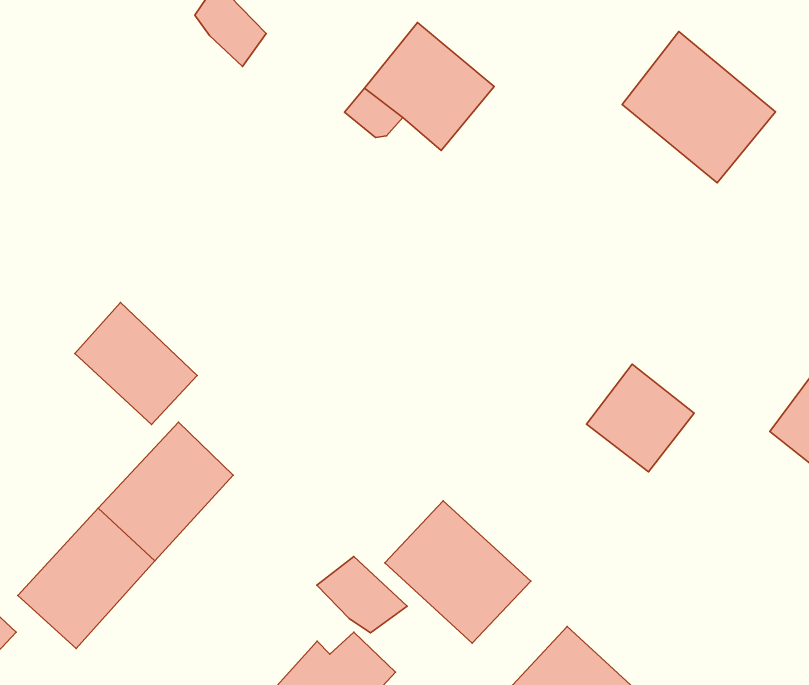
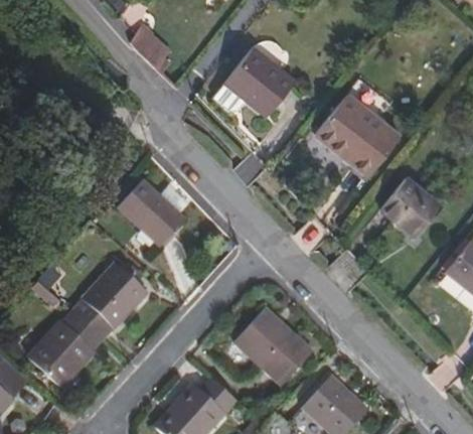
building: [622,31,776,183] -> [313,93,398,176]
building: [75,302,197,425] -> [122,182,189,250]
building: [586,364,694,472] -> [377,174,437,234]
building: [317,556,407,633] -> none

